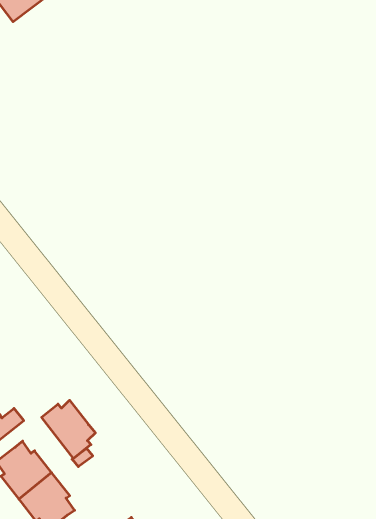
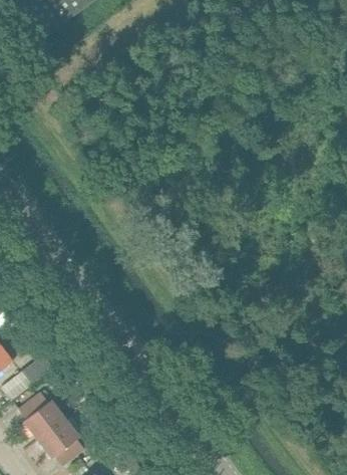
building: [42,400,95,458] -> none

